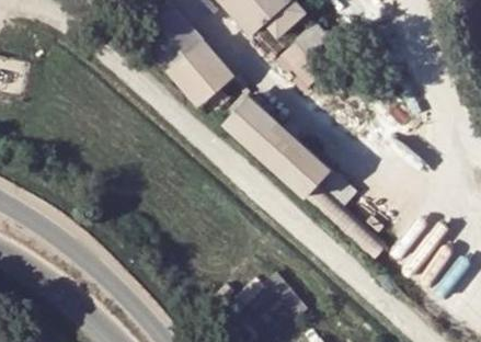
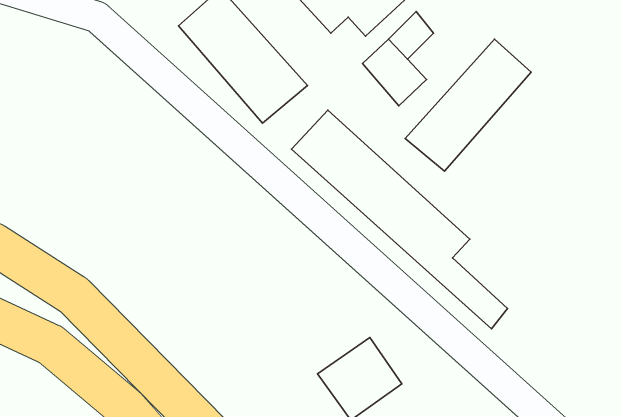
building: none -> [405,39,531,171]

